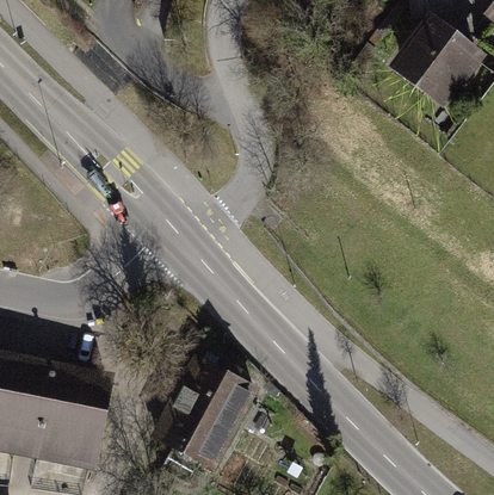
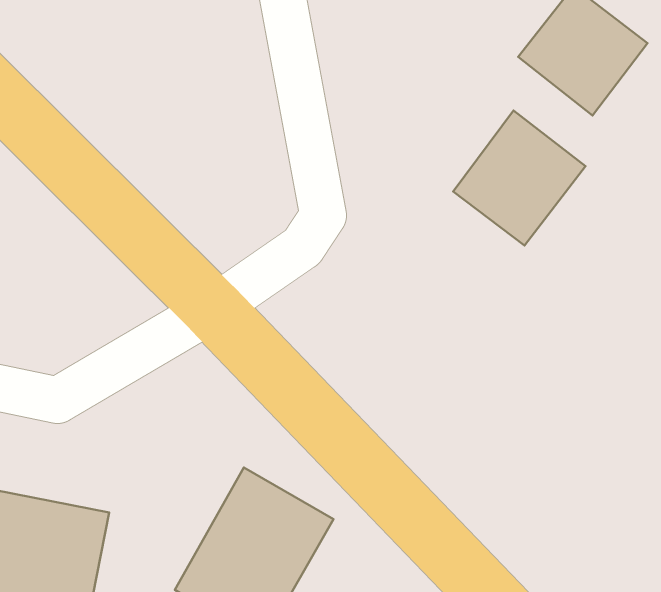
building: none -> [453,111,585,245]

